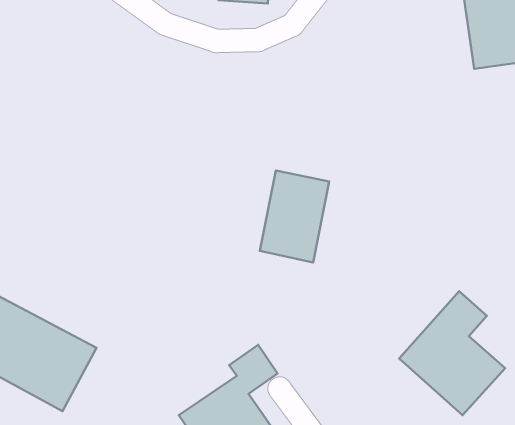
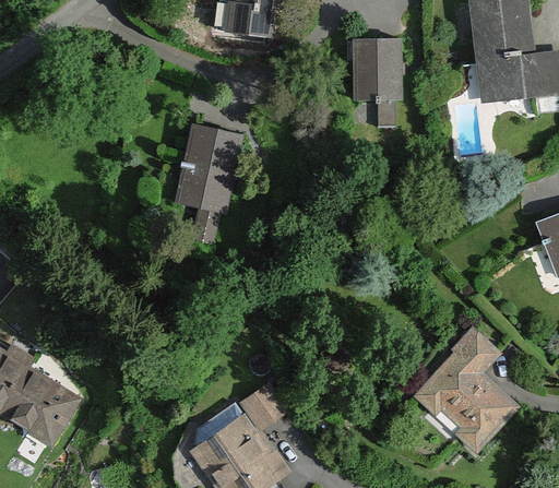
building: none -> [353,38,403,102]
building: [260,171,329,263] -> [176,122,247,216]

